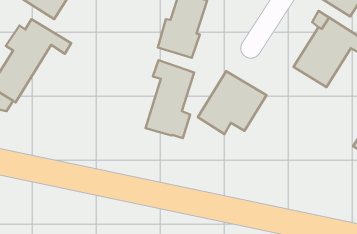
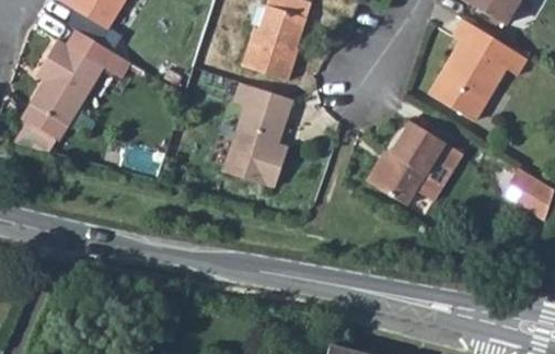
building: [198,71,266,134] -> [371,122,464,208]

